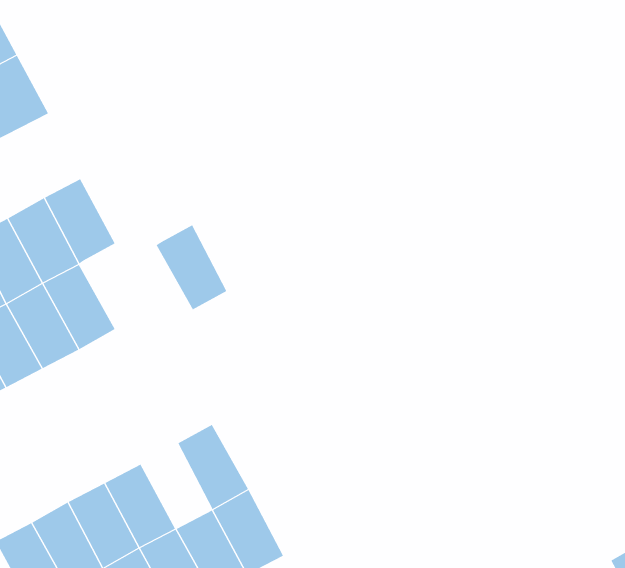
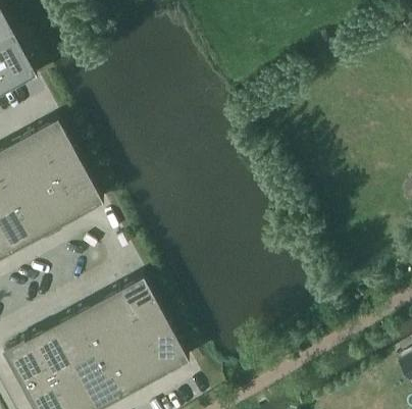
building: [156,224,227,310] -> [56,160,102,215]
building: none -> [96,289,142,344]

